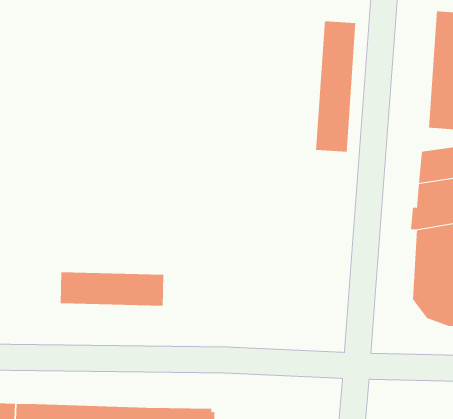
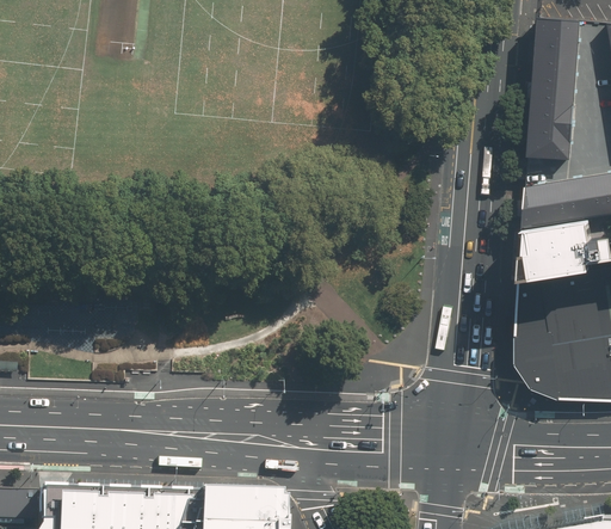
building: [316,21,356,152] -> none
building: [60,271,164,307] -> none

